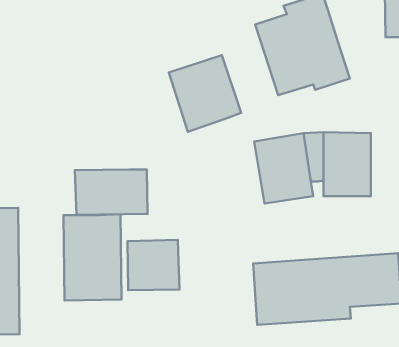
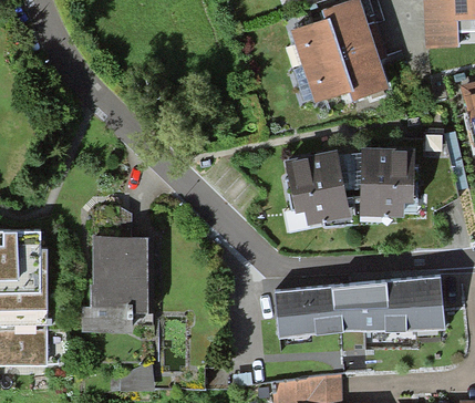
building: [169,55,241,132] -> none
building: [75,169,147,215] -> none
building: [128,240,180,290] -> none

